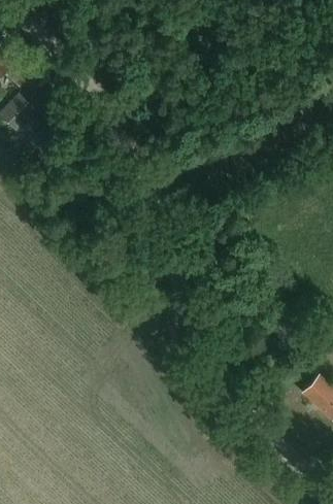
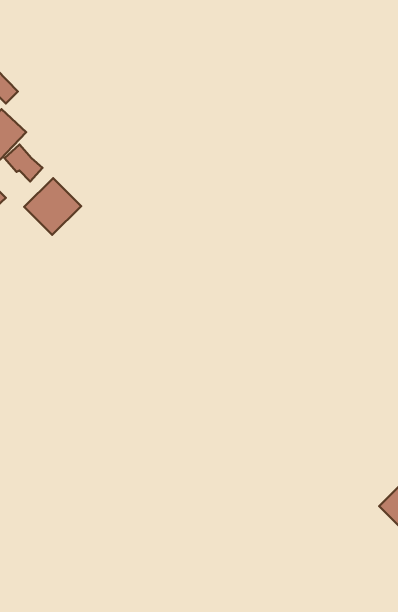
building: none -> [24,178,81,235]

